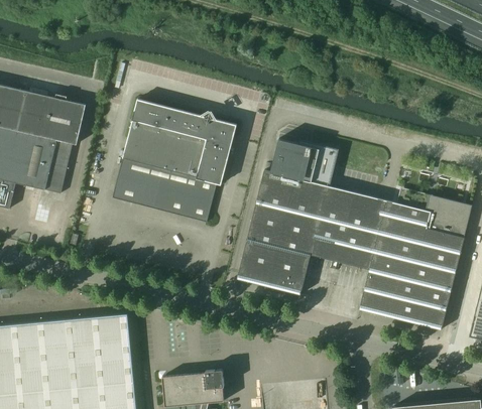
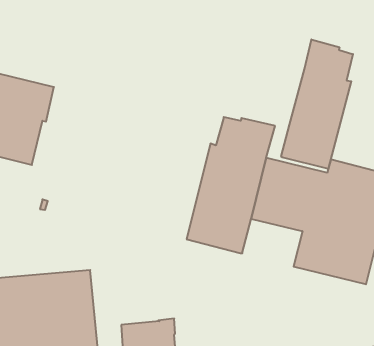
building: none -> [281,39,353,169]
building: [112,99,237,222] -> none

